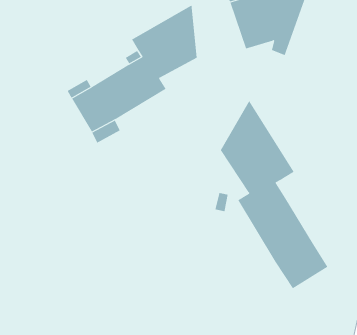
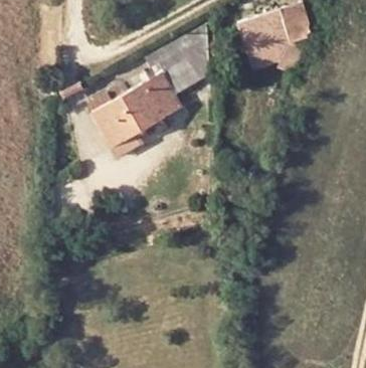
building: [220,100,328,289] -> none

